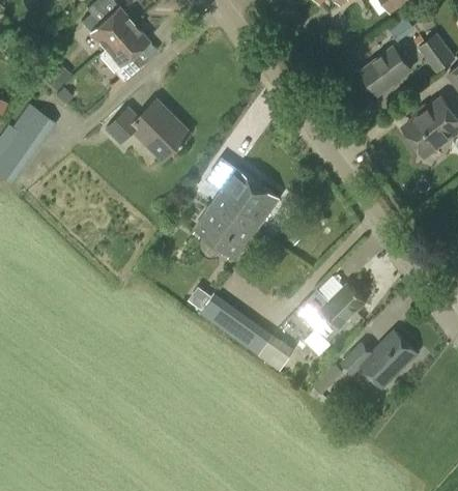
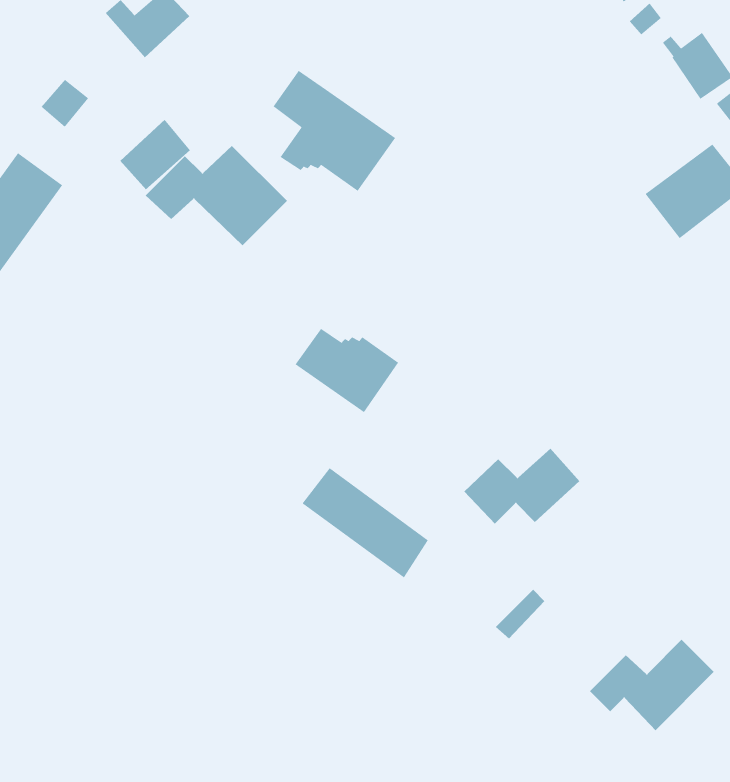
building: [105,24,147,66] -> [120,119,191,190]
building: [360,48,410,95] -> none
building: [205,157,279,230] -> [273,70,396,192]
building: [340,333,414,387] -> [589,639,715,731]
building: [259,336,294,372] -> none

